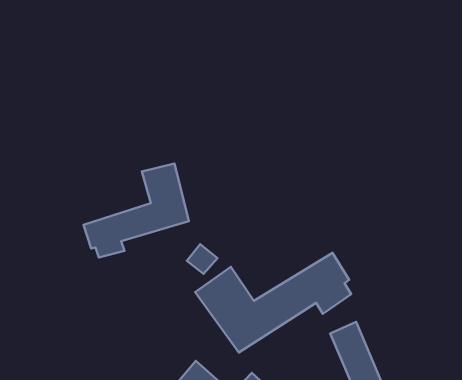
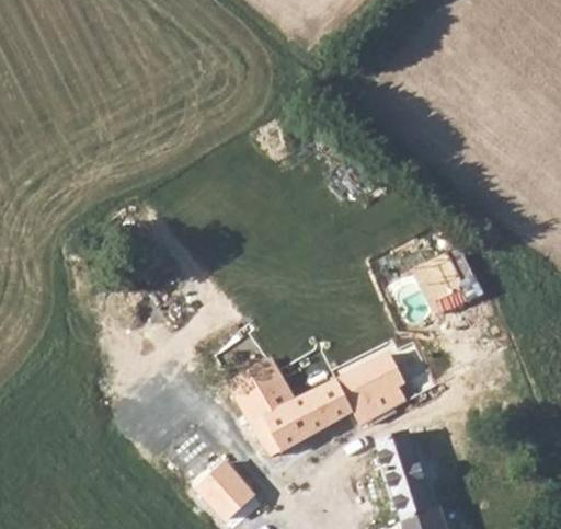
building: [84,164,189,257] -> none

